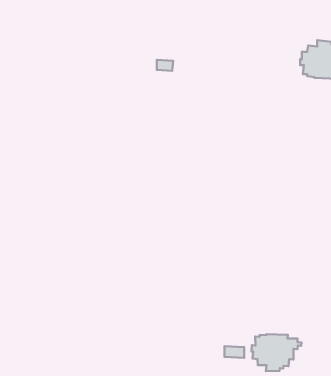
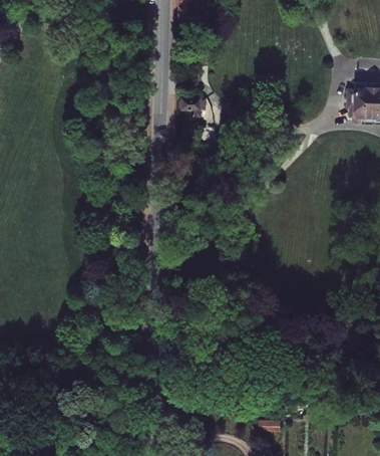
building: [251,334,302,371] -> none

